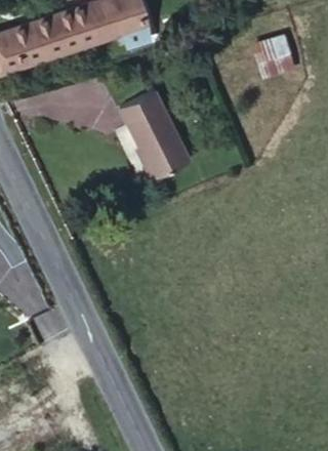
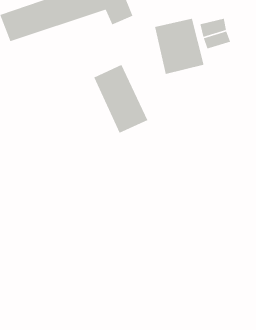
building: none -> [154,18,205,75]

